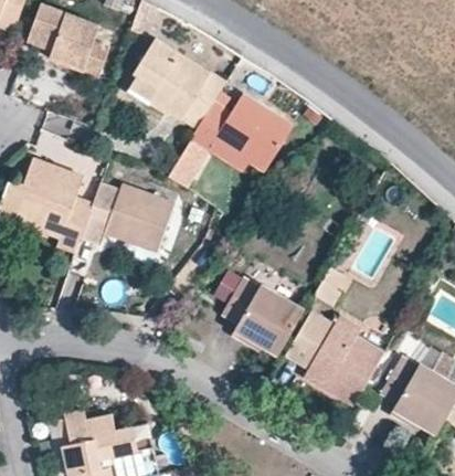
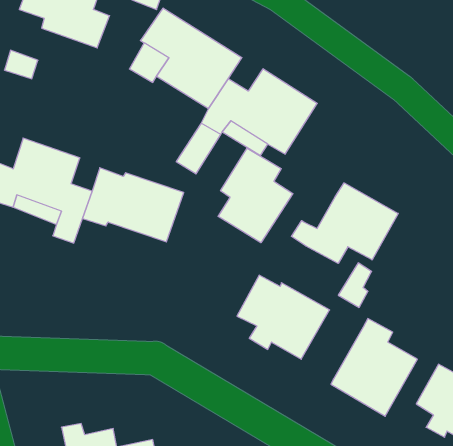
building: none -> [218,148,293,243]
building: none -> [291,183,398,263]
building: [285,311,335,371] -> none

